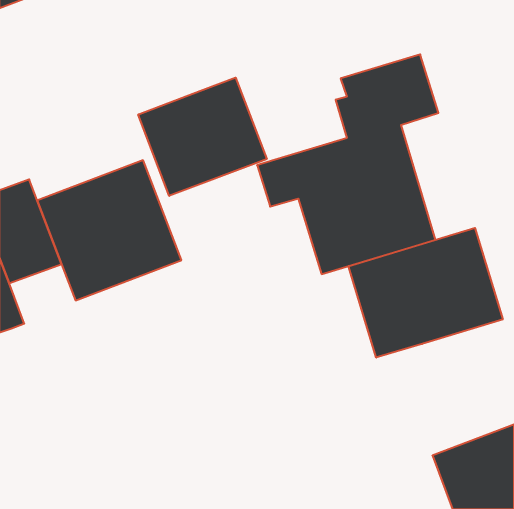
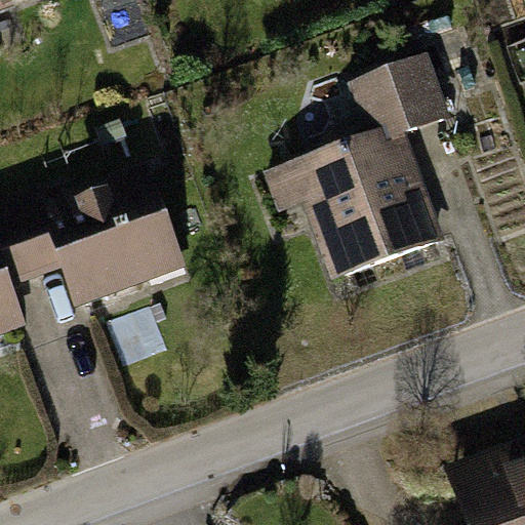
building: [138,78,267,196] -> none
building: [348,228,503,358] -> none

